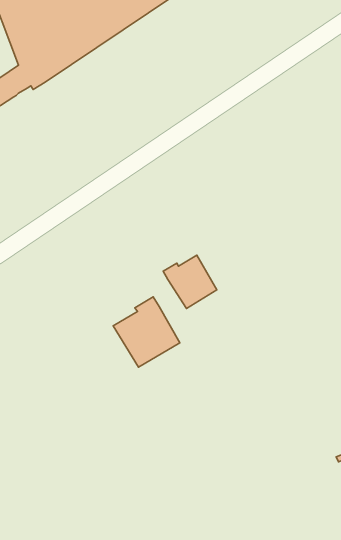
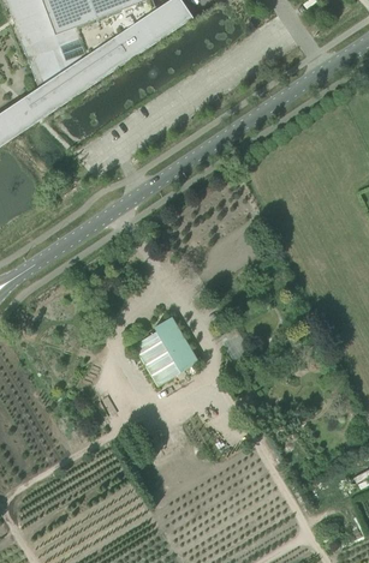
building: [163,255,217,309] -> none

